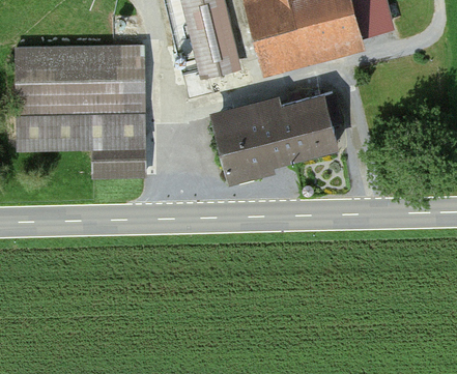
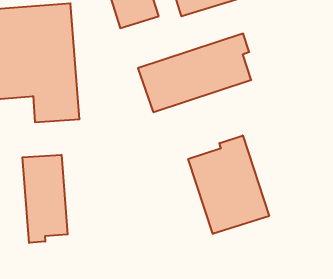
building: none -> [188,135,269,234]
building: none -> [22,155,68,243]

